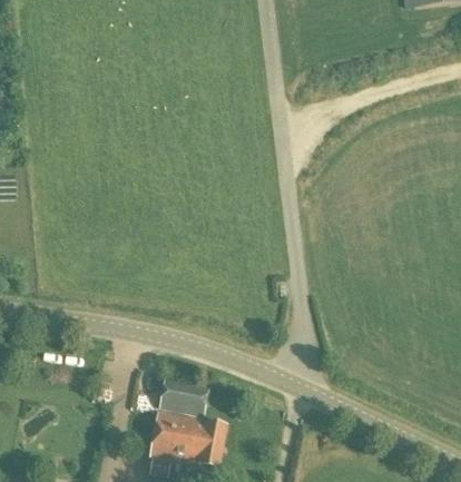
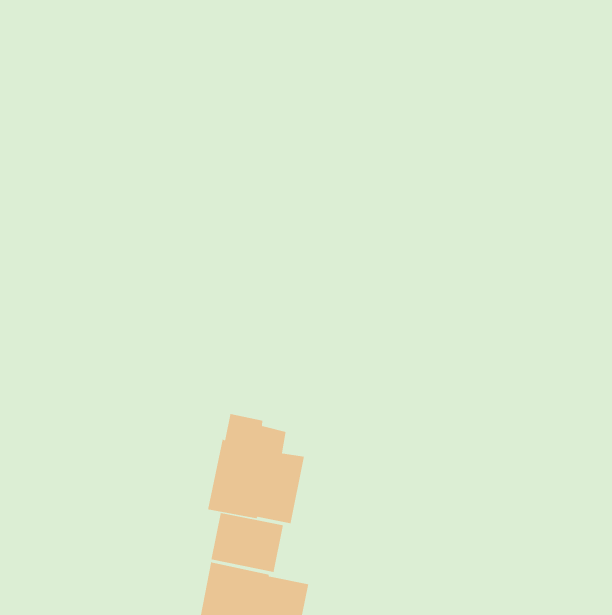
building: none -> [207,413,305,524]

